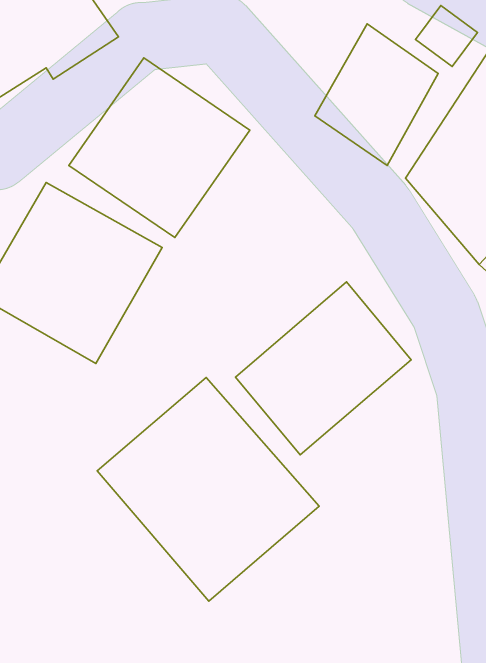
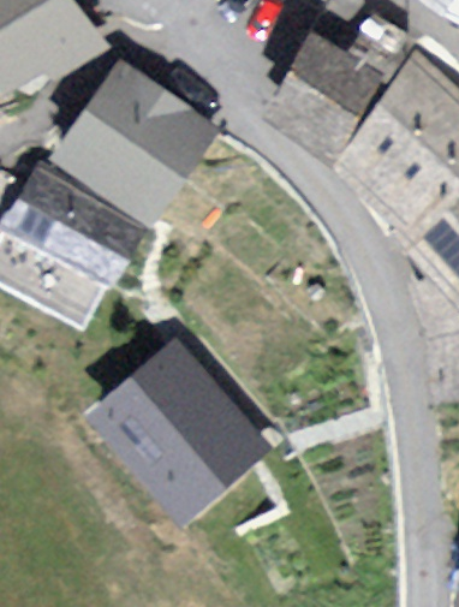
building: [235,282,411,455] -> none

